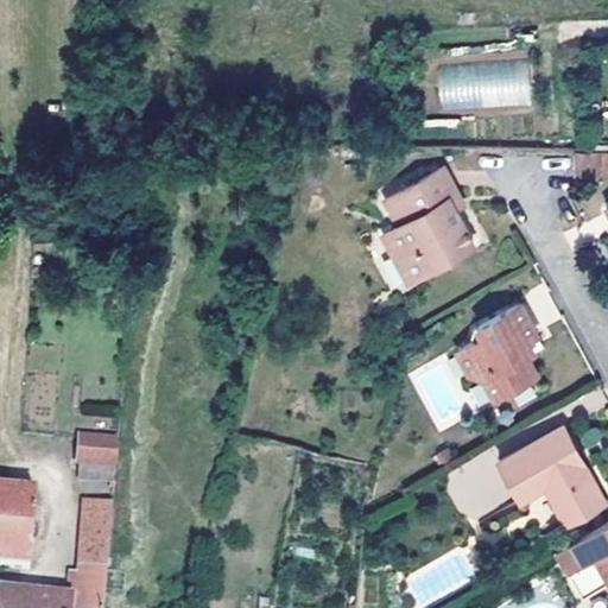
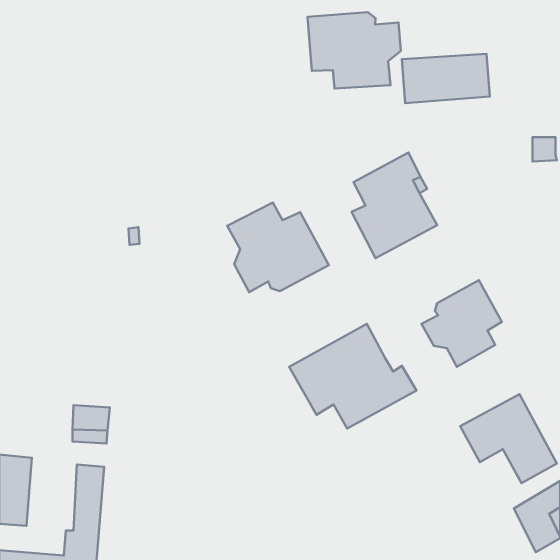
building: none -> [308,12,401,89]
building: none -> [227,202,329,292]
building: none -> [289,324,417,428]

